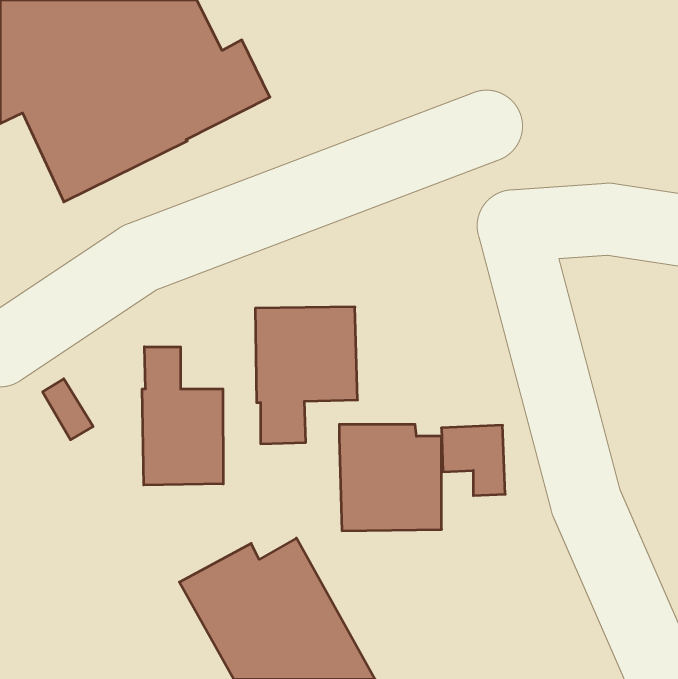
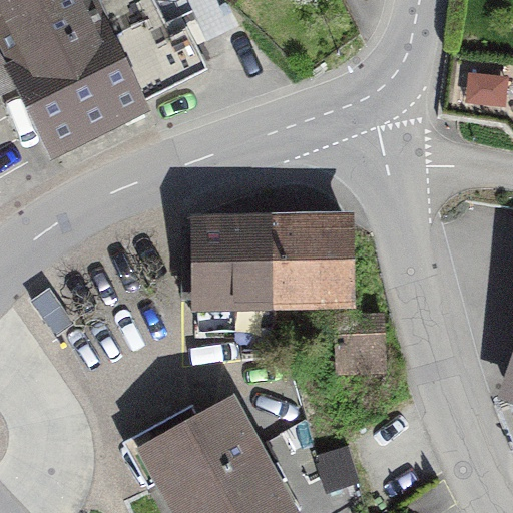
building: [142,347,223,485] -> none
building: [339,424,442,531] -> [269,221,346,302]

